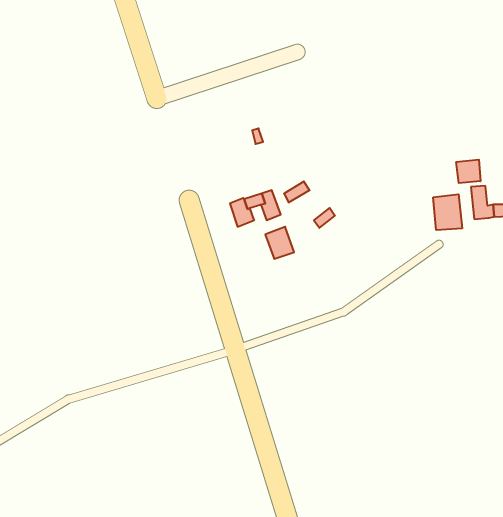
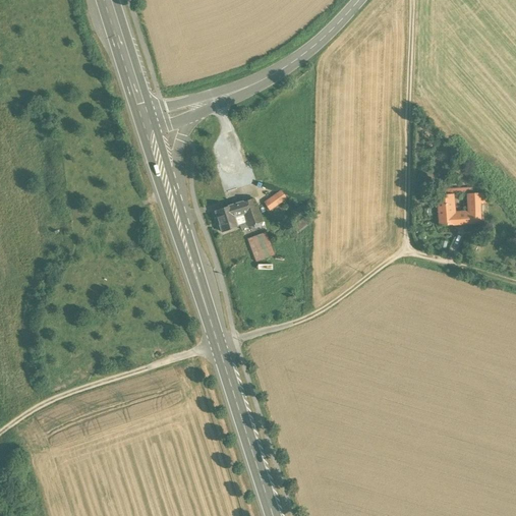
building: [456,160,480,183] -> none
building: [433,194,462,230] -> none

